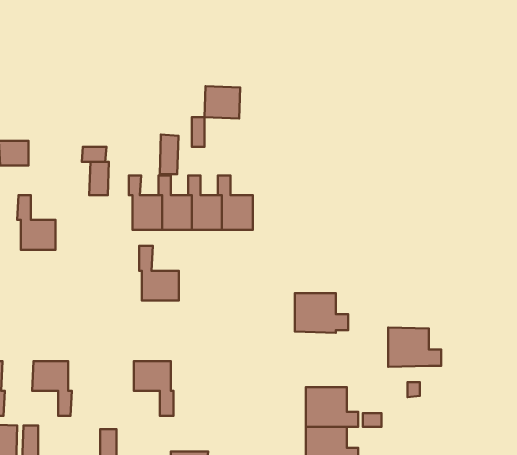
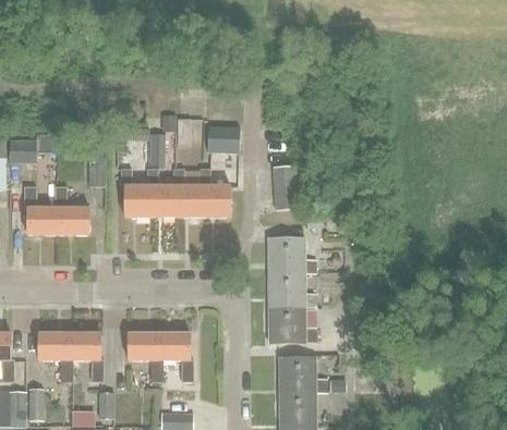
building: [204,86,240,118] -> [208,125,240,153]
building: none -> [275,165,298,210]
building: [139,246,179,300] -> [56,186,90,234]
building: none -> [268,237,314,272]
building: [388,327,441,367] -> [268,306,315,341]
building: none -> [69,332,102,380]
building: none -> [159,332,192,379]

